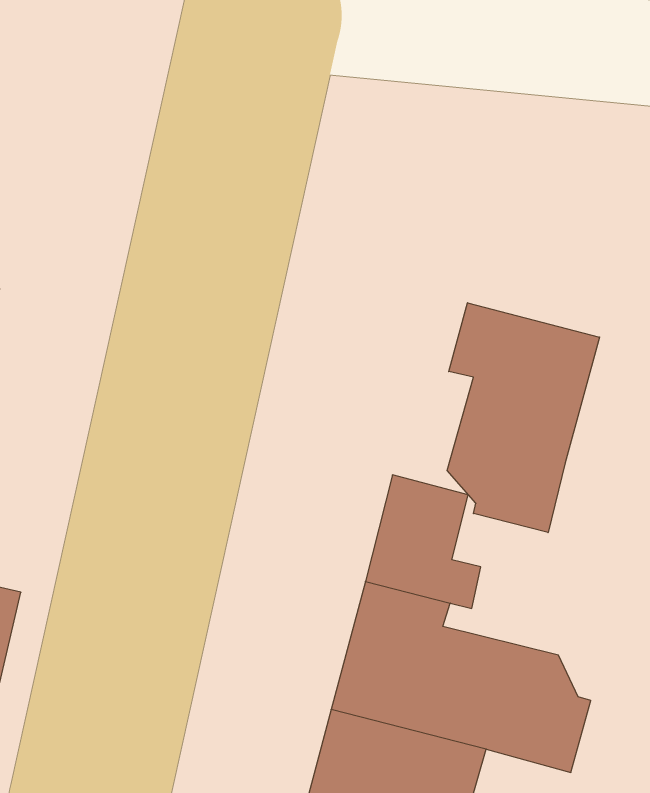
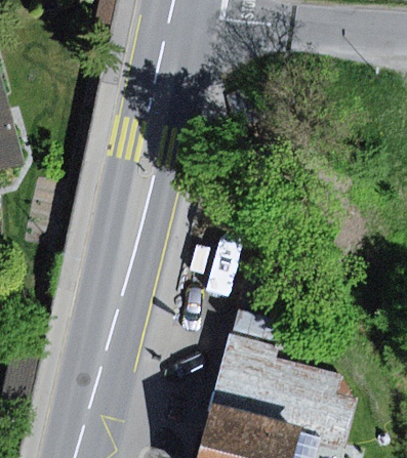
building: [447,303,600,533] -> none

